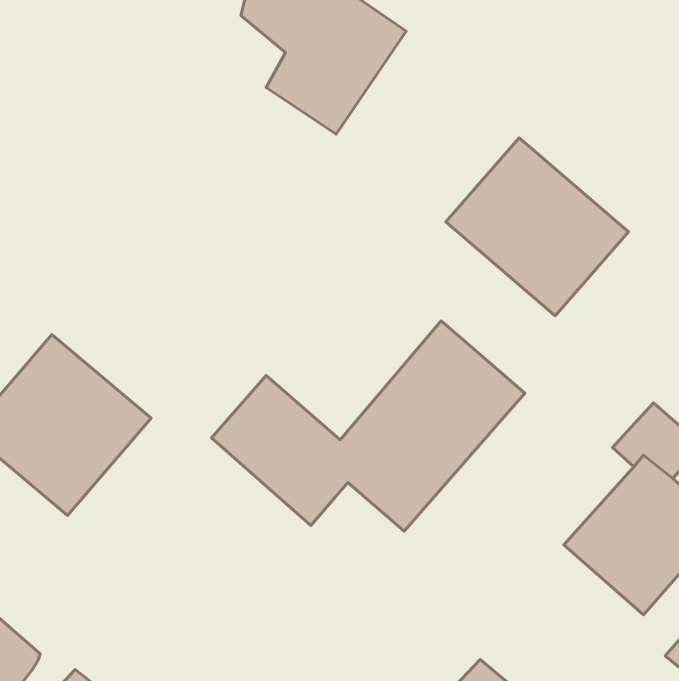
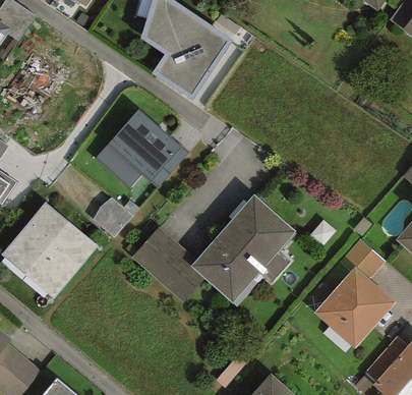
building: [446,138,628,316] -> none
building: none -> [96,111,186,189]
building: none -> [93,193,133,233]

